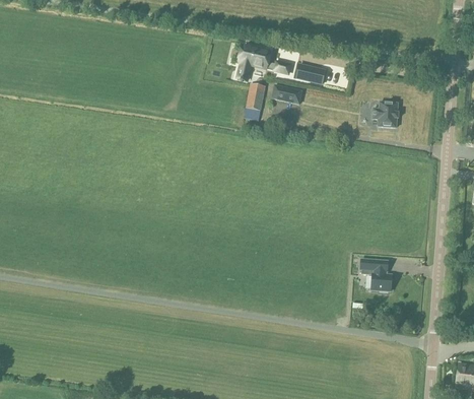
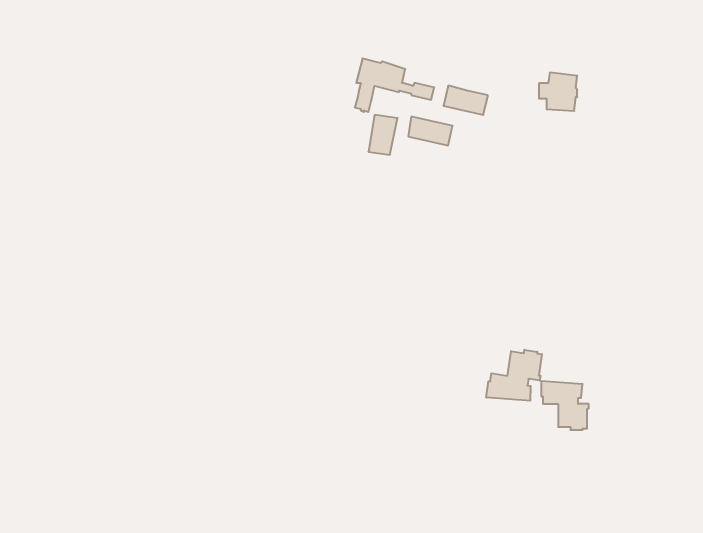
building: [373,102,398,127] -> [539,73,577,111]
building: none -> [486,350,542,401]

